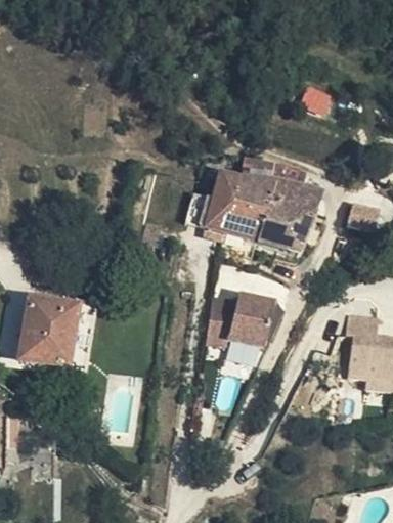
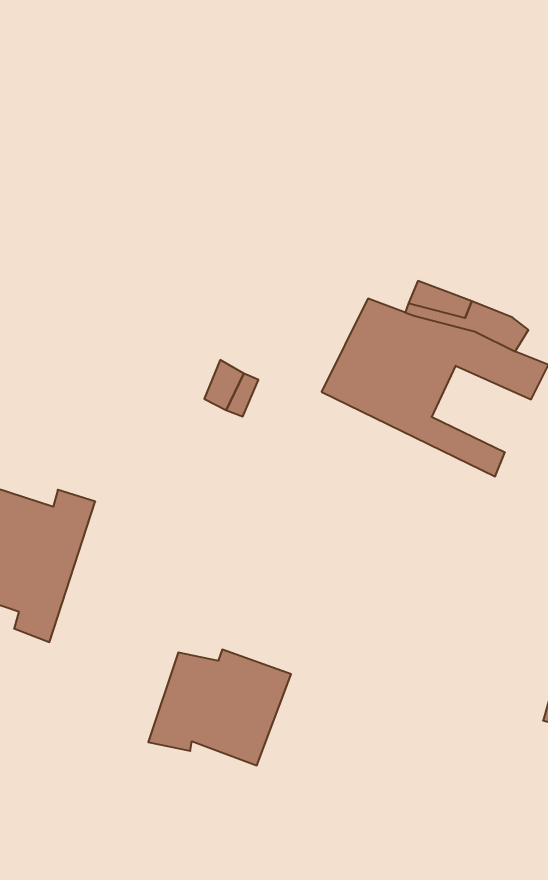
building: [263,201,313,242] -> none
building: [205,291,273,348] -> [148,650,291,765]

